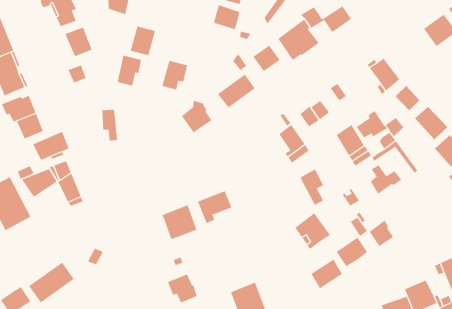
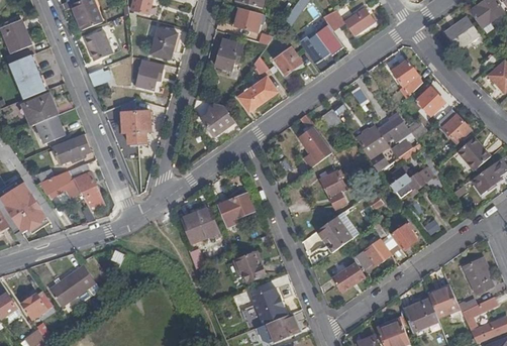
building: [162,60,188,90] -> [216,39,242,70]
building: none -> [135,111,150,143]
building: [167,274,197,303] -> [234,252,265,281]

